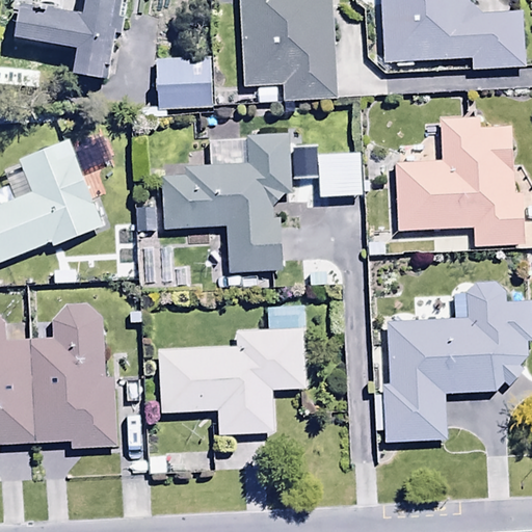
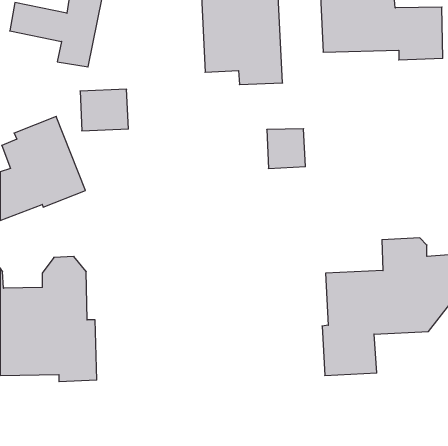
building: [156,58,213,107] -> [80,89,128,131]
building: [396,114,525,248] -> none
building: [161,133,292,273] -> none
building: [158,303,309,435] -> none

